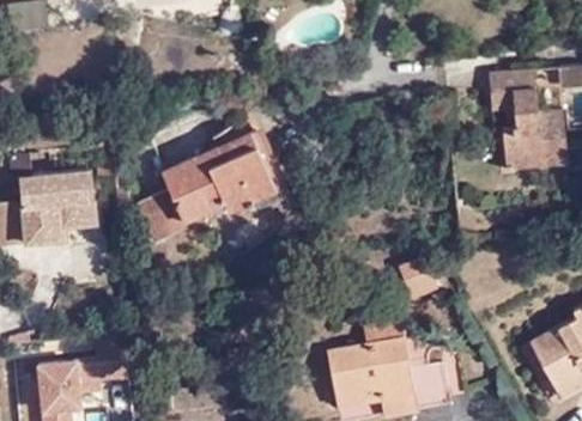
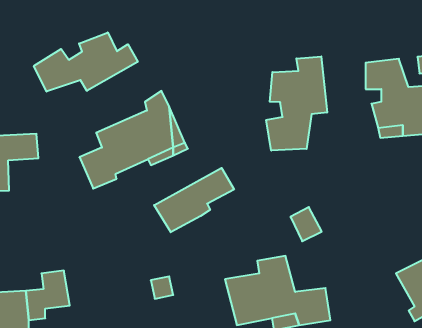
building: none -> [34,32,138,92]
building: none -> [266,56,327,151]
building: none -> [154,168,234,232]

